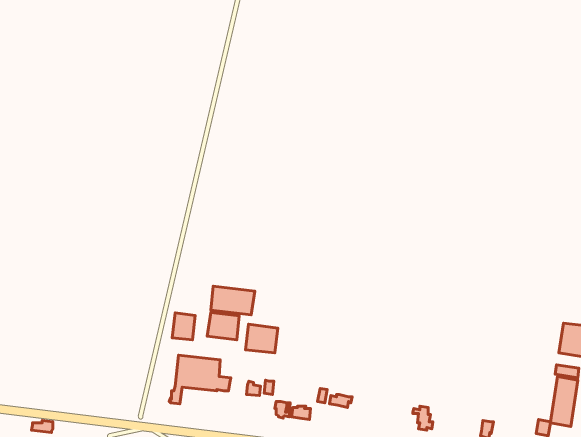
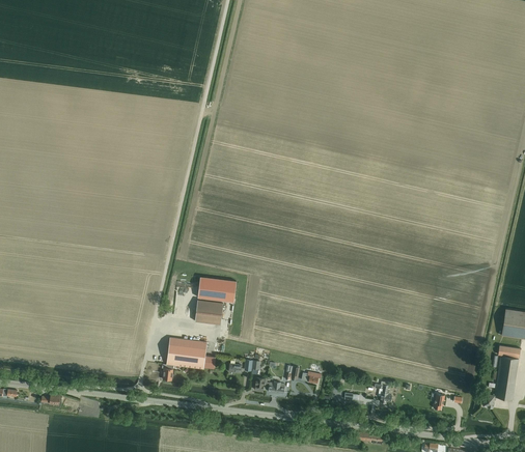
building: [172,313,195,340] -> none
building: [245,324,278,353] -> none

